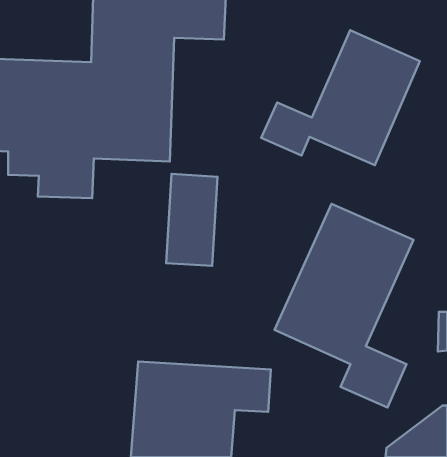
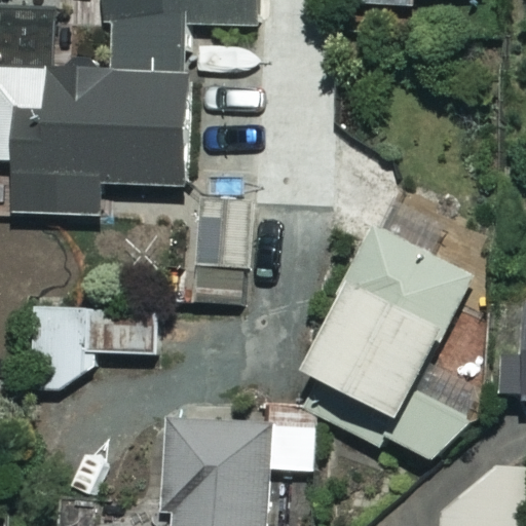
building: [261,30,420,165] -> none
building: none -> [44,309,161,383]

